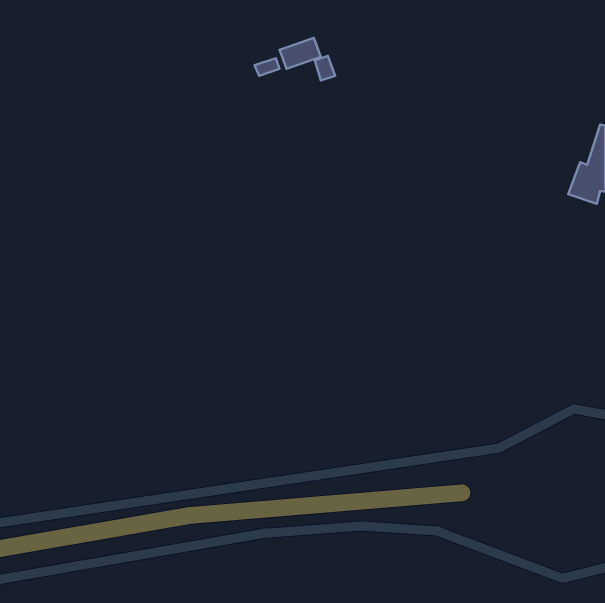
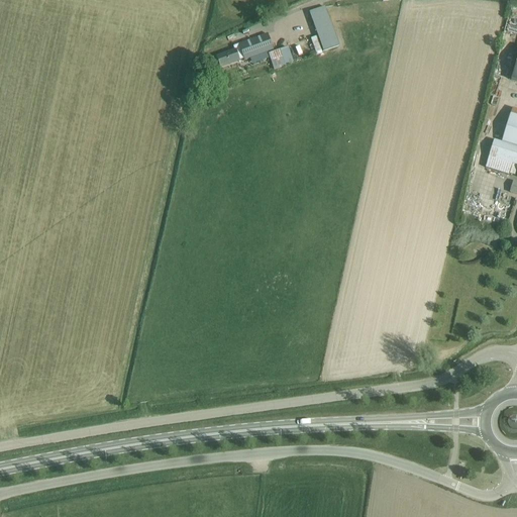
building: none -> [310,5,338,49]

